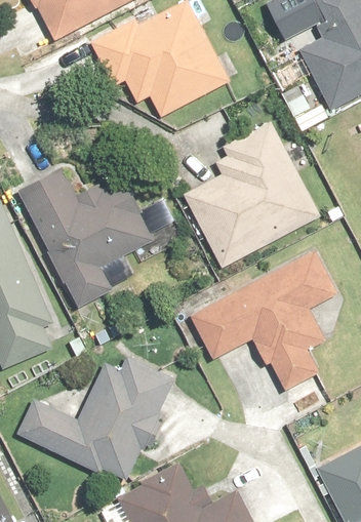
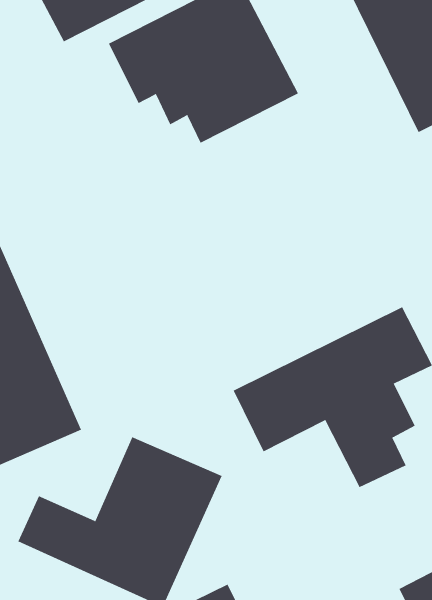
building: [180,117,328,271] -> none
building: [18,165,161,308] -> none

